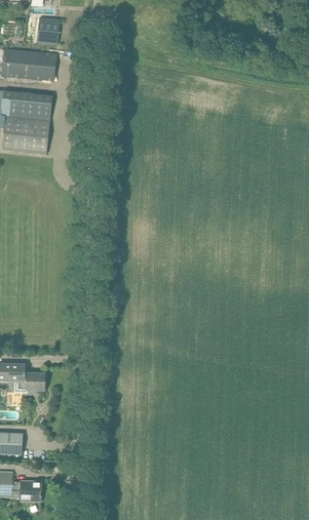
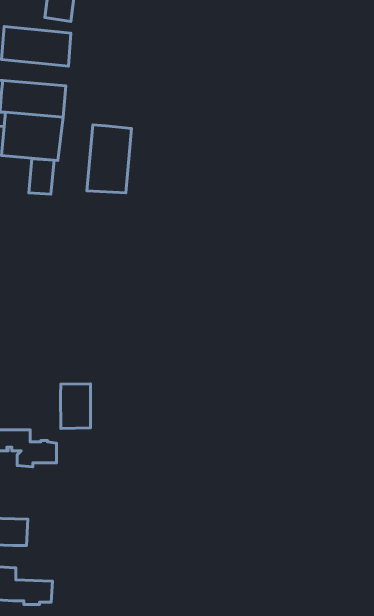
building: none -> [87,125,132,193]
building: none -> [29,159,54,194]
building: none -> [60,384,91,428]

